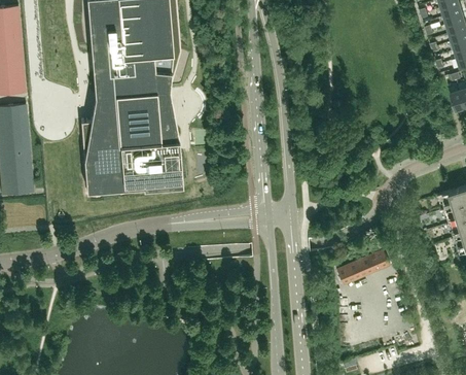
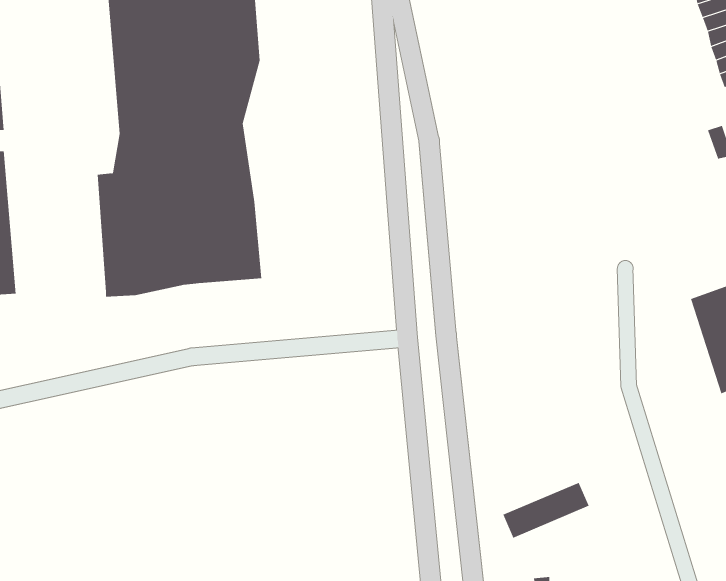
building: [337,251,390,285] -> [502,482,589,538]

